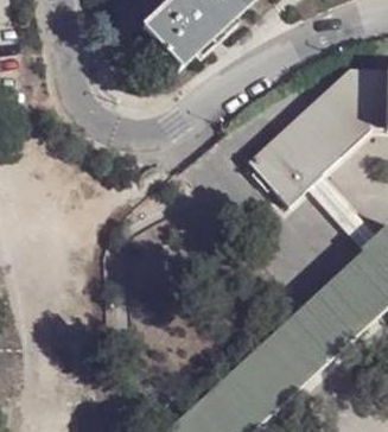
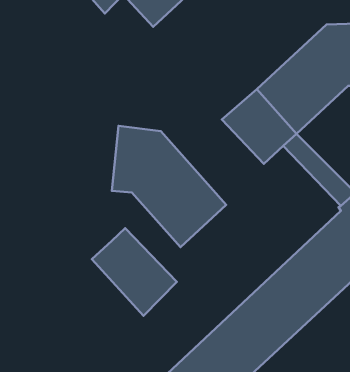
building: none -> [112,126,226,247]
building: none -> [92,228,177,316]

